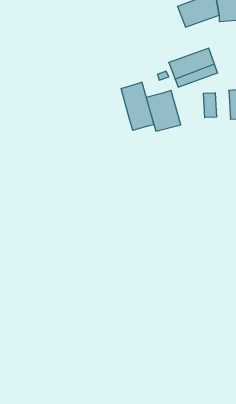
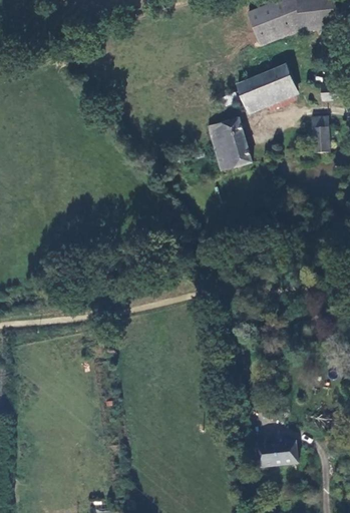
building: [121,82,154,130] -> none
building: [203,93,216,118] -> none
building: none -> [258,439,298,467]

